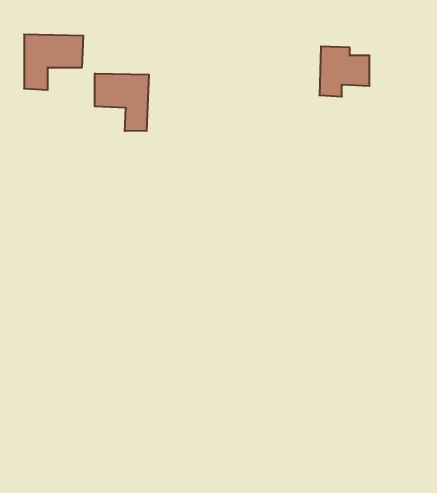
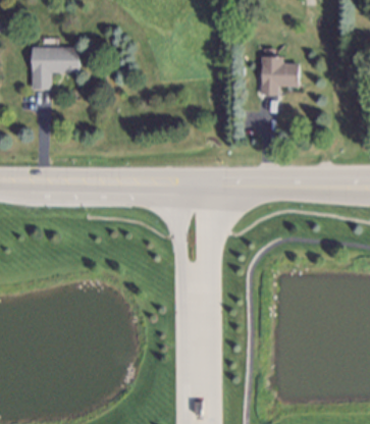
building: [95,73,149,131] -> none

